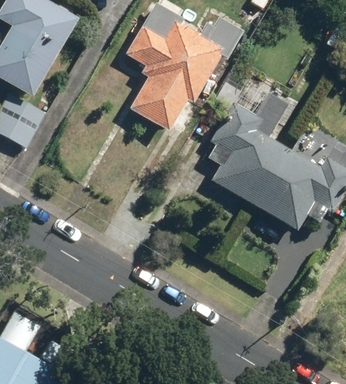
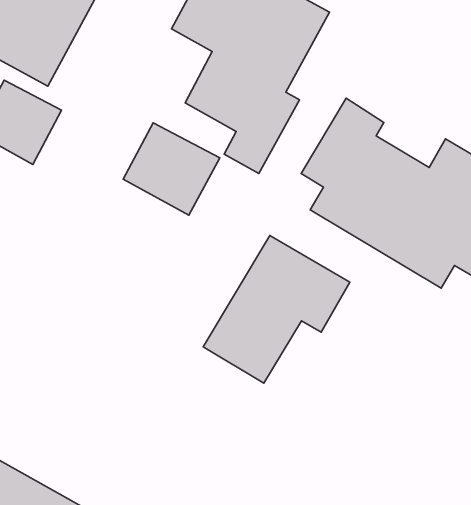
building: none -> [123,123,220,215]
building: none -> [203,236,350,383]

